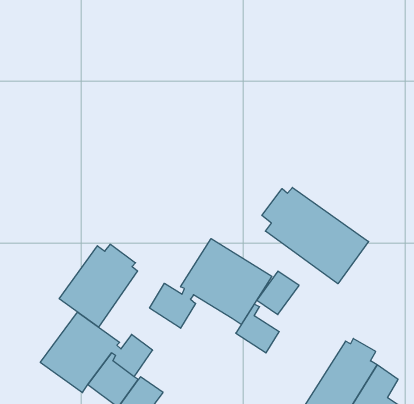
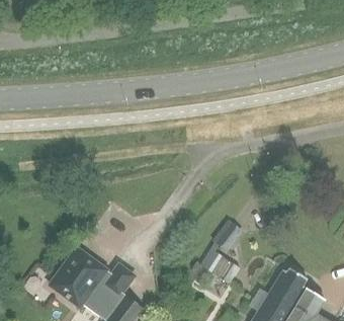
building: [262,187,369,284] -> none
building: [150,239,272,328] -> none
building: [59,244,138,327] -> none

